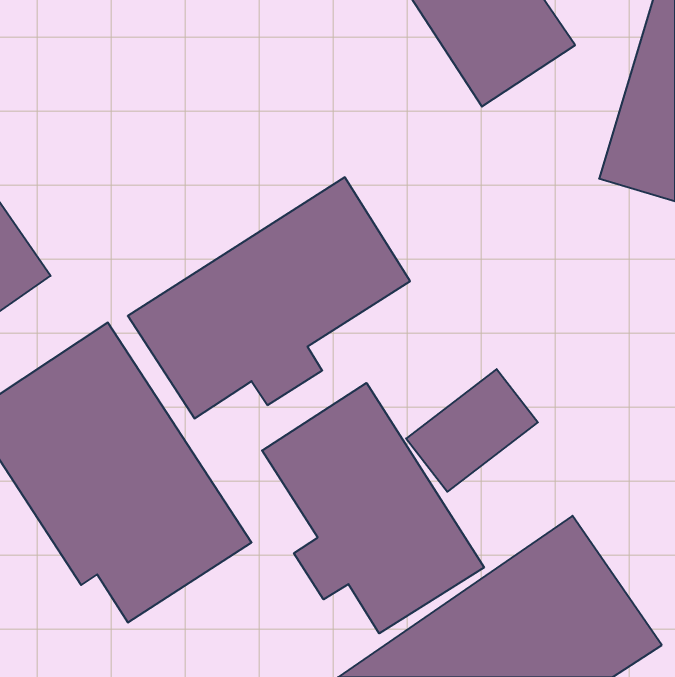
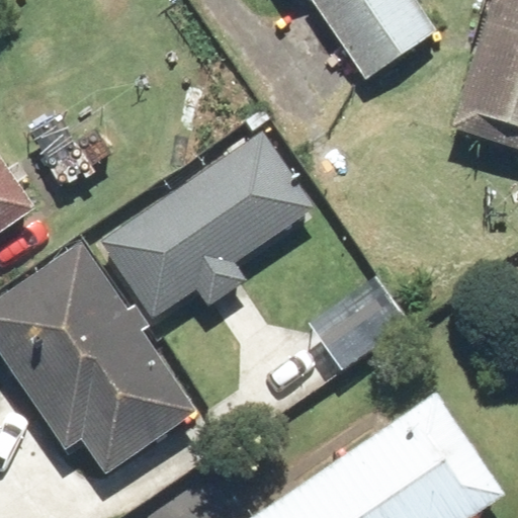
building: [262,383,484,633] -> none

